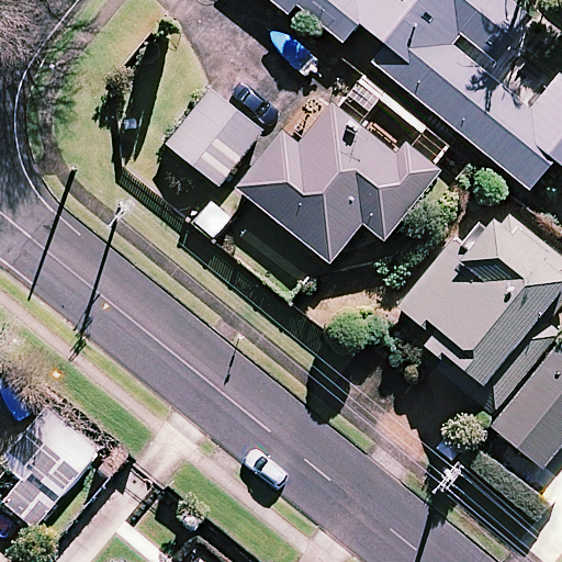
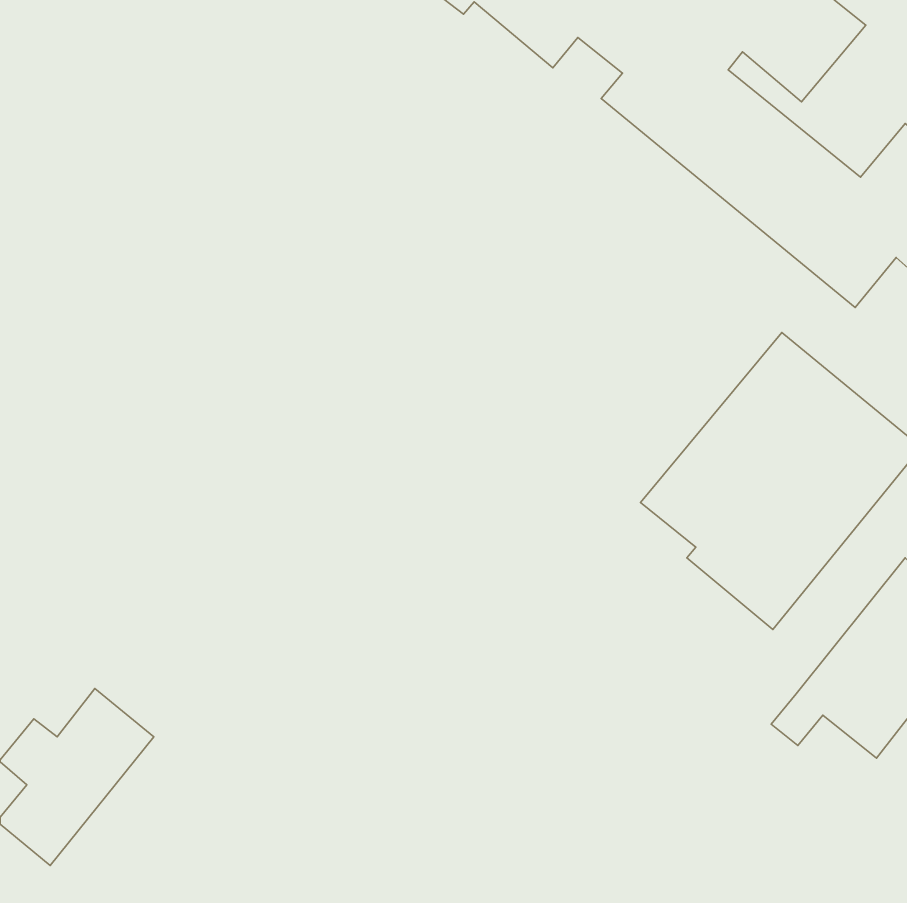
building: [169,87,265,183] -> none
building: [238,89,439,261] -> none

